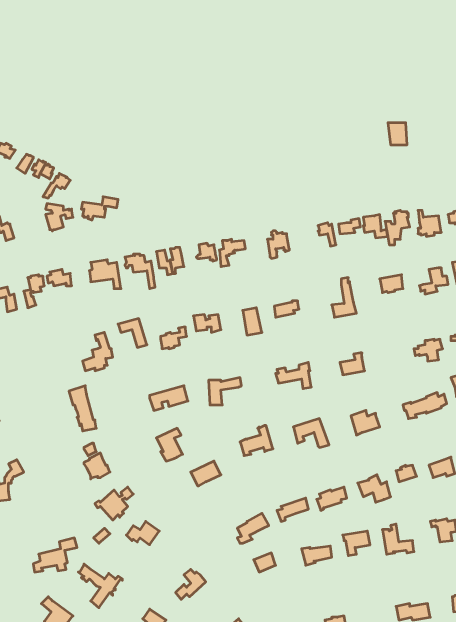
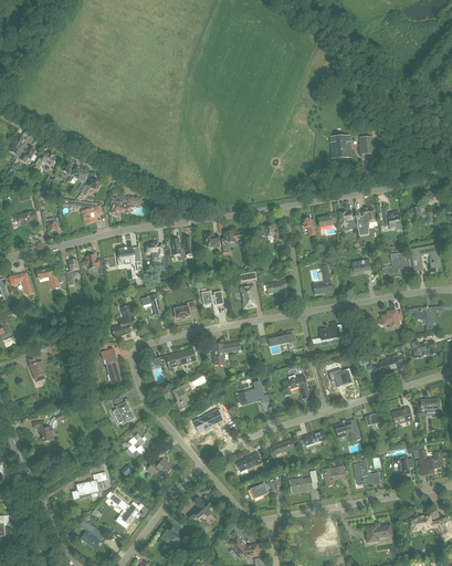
building: none -> [329,135,351,158]

